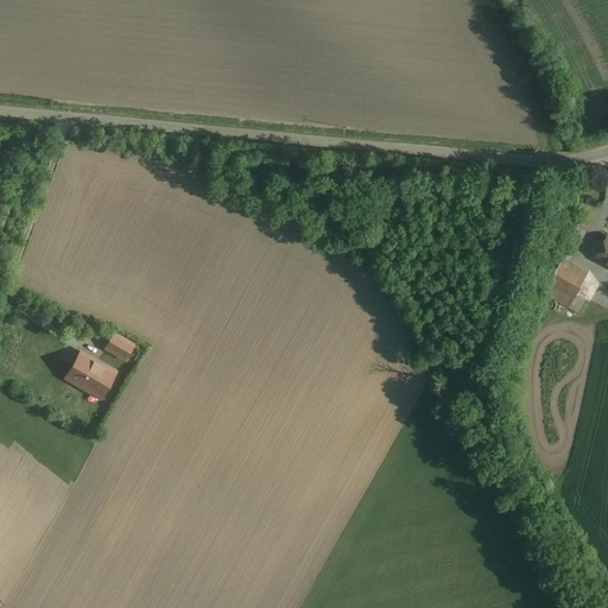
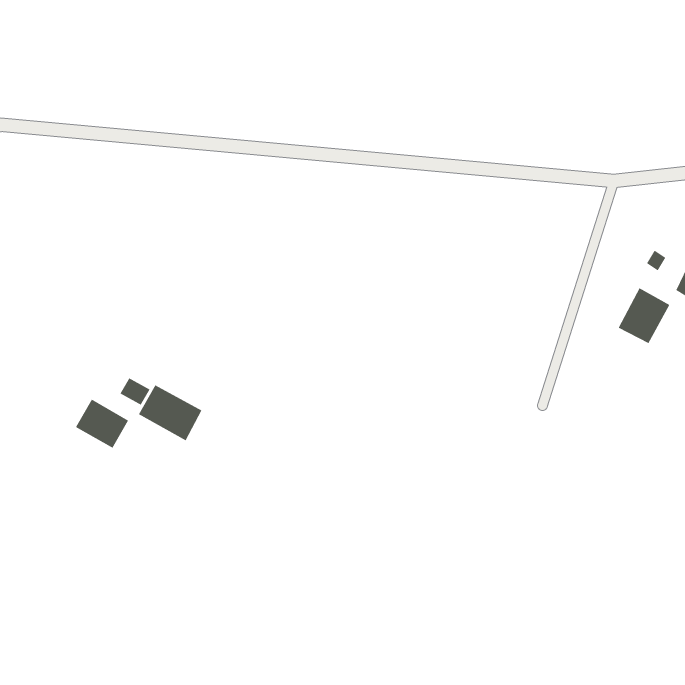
building: none -> [138,385,202,441]

